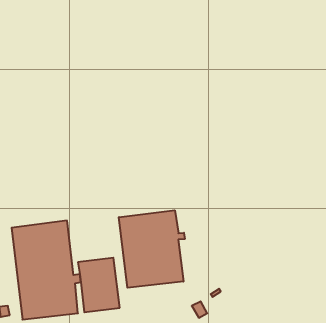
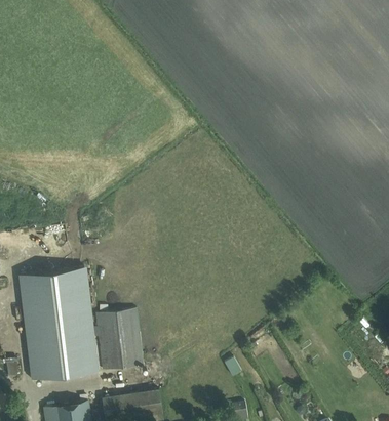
building: [119,210,185,288] -> none

